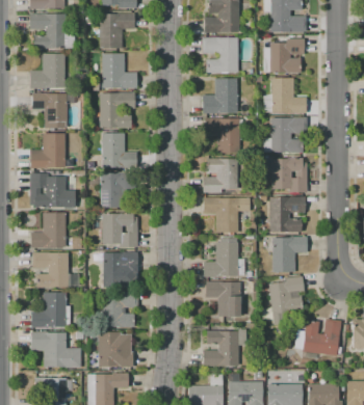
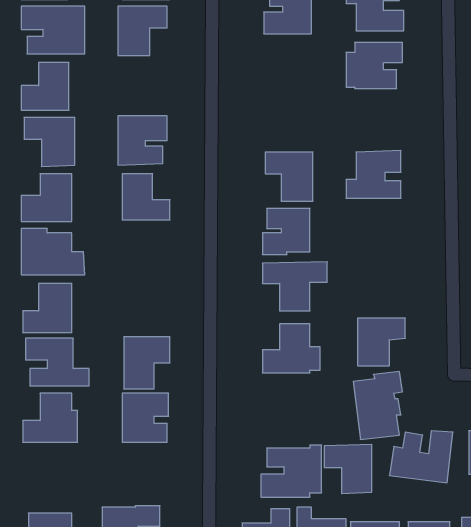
building: [203,37,238,73] -> none
building: [102,54,137,89] -> none
building: [203,78,237,113] -> none
building: [264,78,307,112] -> none
building: [271,159,307,193] -> none
building: [101,172,136,208] -> none
building: [270,197,306,232] -> none
building: [103,214,137,247] -> none
building: [206,281,240,317] -> [324,444,372,494]
building: [30,332,82,368] -> none
building: [99,332,133,367] -> none

